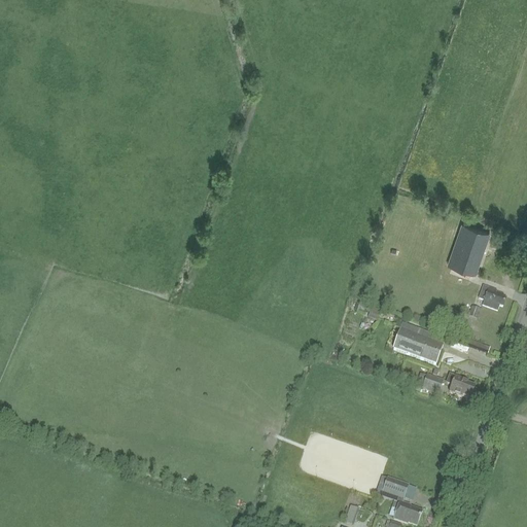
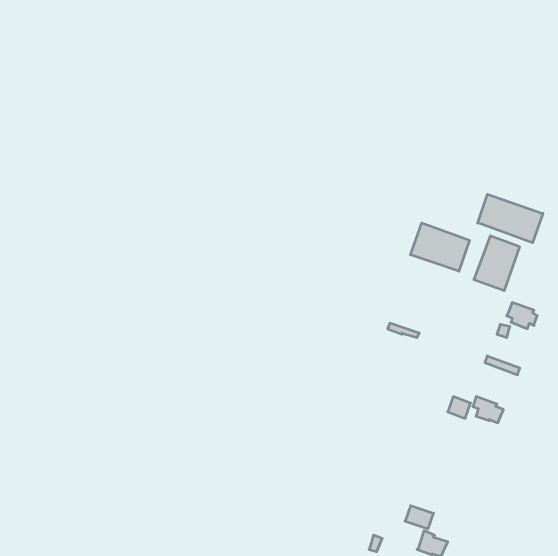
building: none -> [478,194,543,243]
building: none -> [410,223,470,271]
building: [393,323,445,364] -> none

